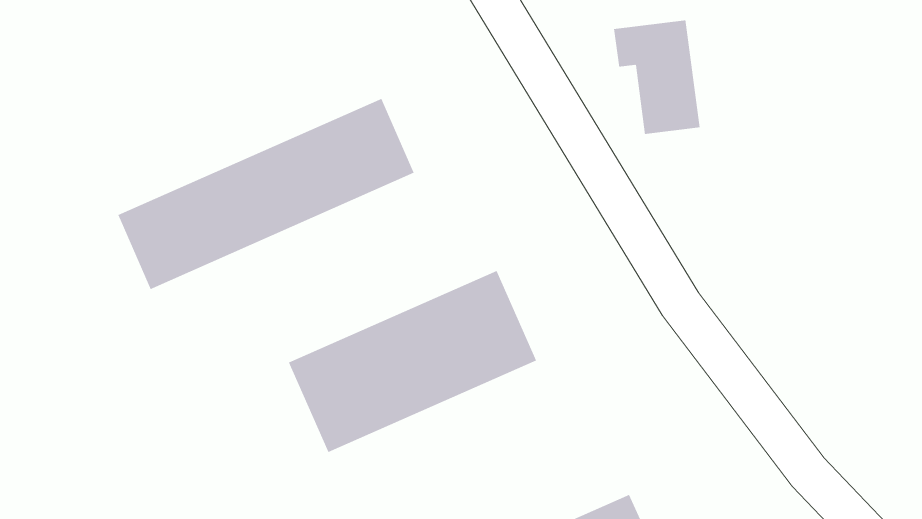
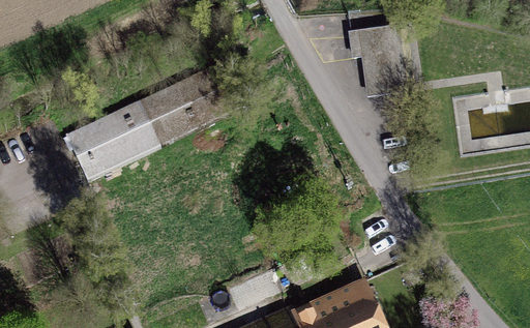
building: [288,270,537,453] -> none

